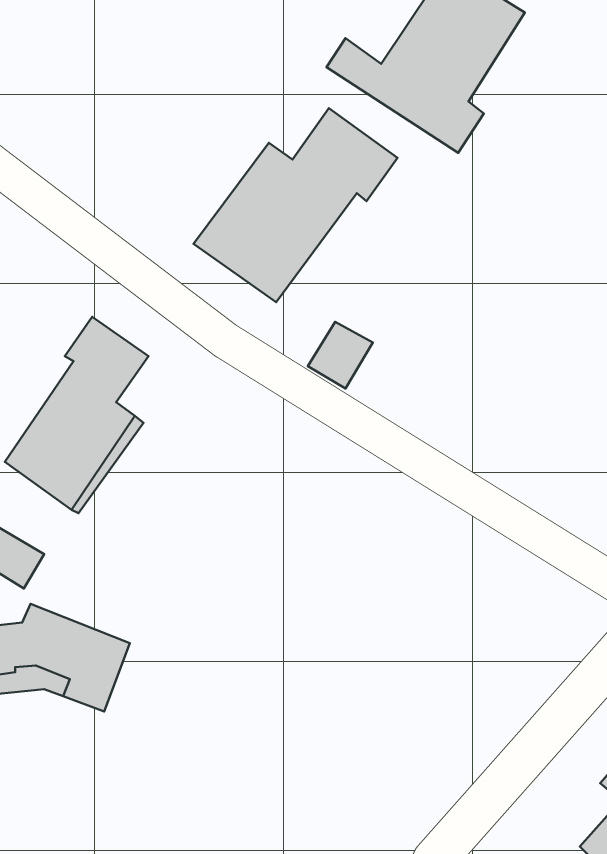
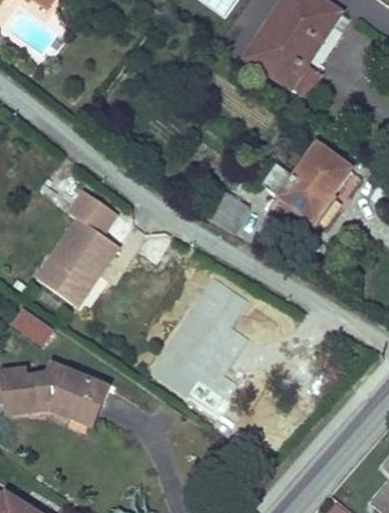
building: [194,108,397,302] -> none
building: none -> [263,145,352,223]

